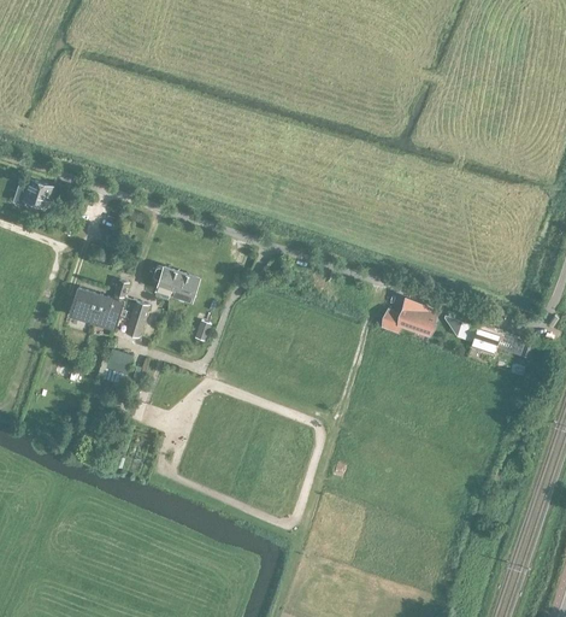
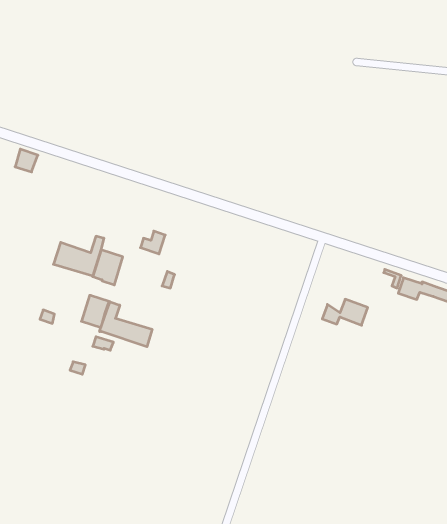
building: [153,268,185,294] -> none
building: [382,304,435,334] -> [322,299,368,325]
building: none -> [100,302,152,347]

